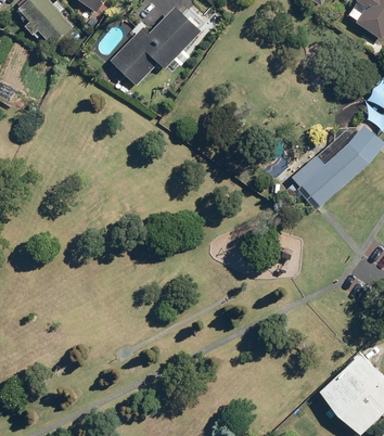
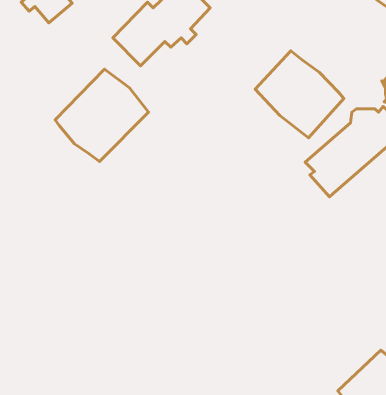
building: none -> [255,51,344,138]
building: none -> [55,69,149,161]

